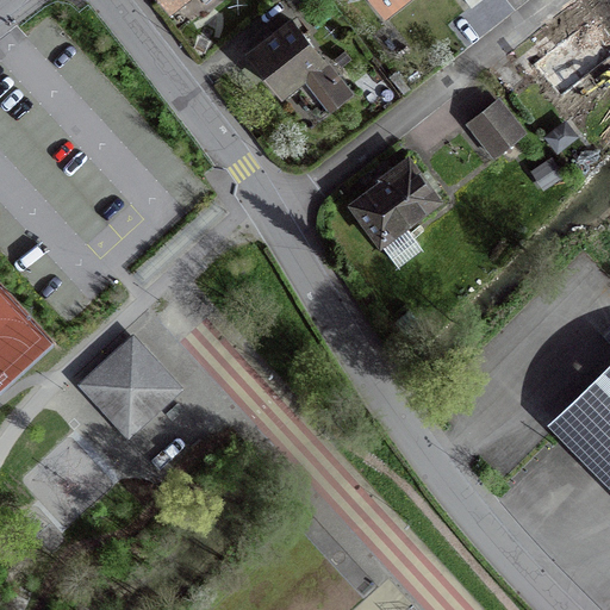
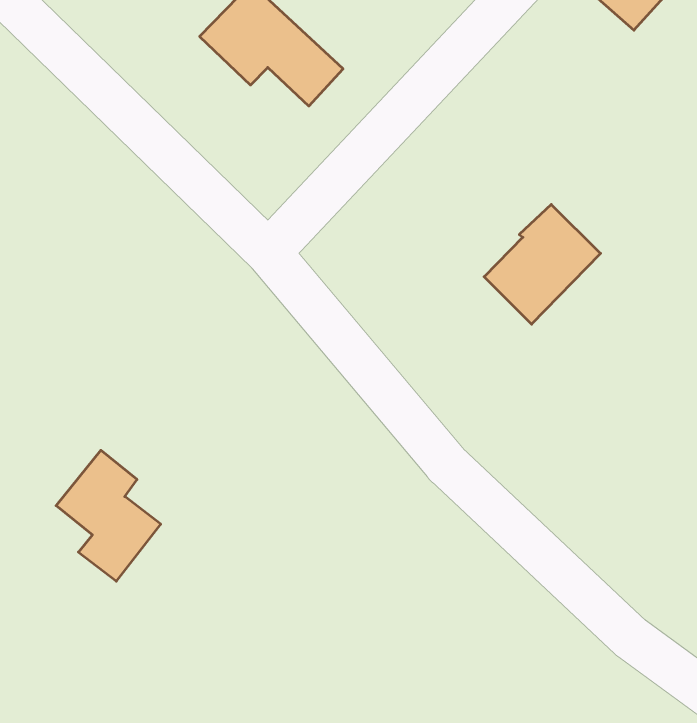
building: [469,102,519,152] -> none
building: [350,160,436,243] -> [484,204,601,324]

